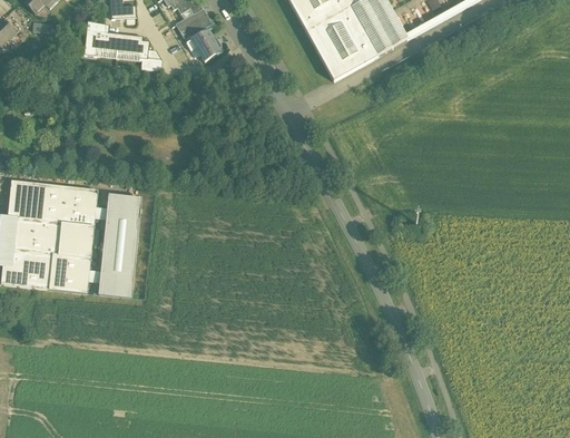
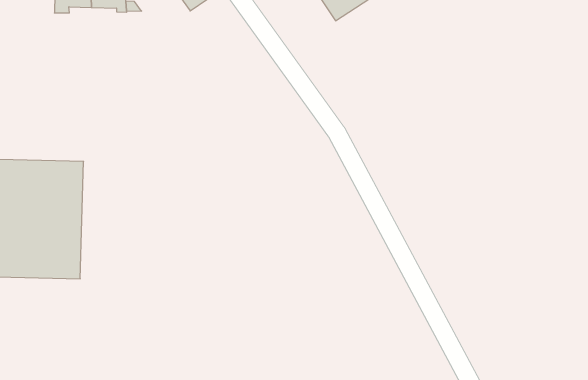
building: [98,193,141,298] -> none

